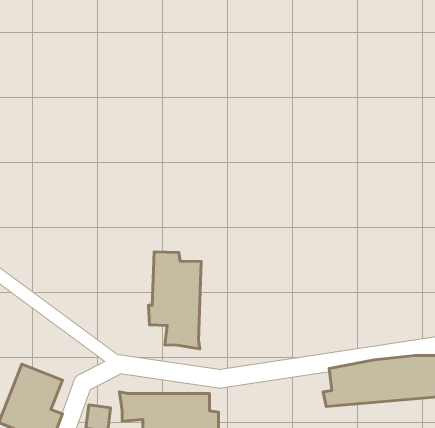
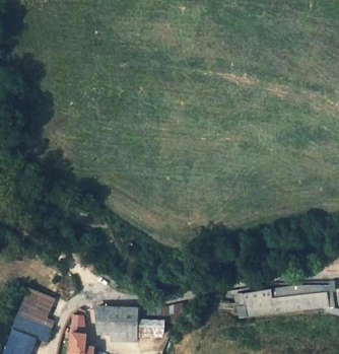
building: [149,252,201,349] -> none

